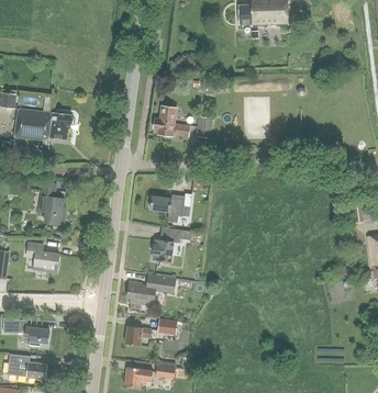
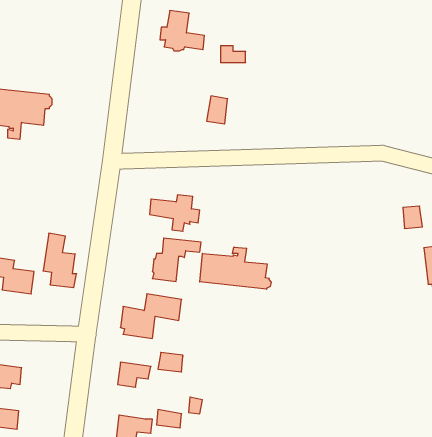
building: [154,105,189,137] -> [160,11,204,51]
building: [40,181,66,224] -> [43,233,77,288]
building: none -> [200,247,271,289]

